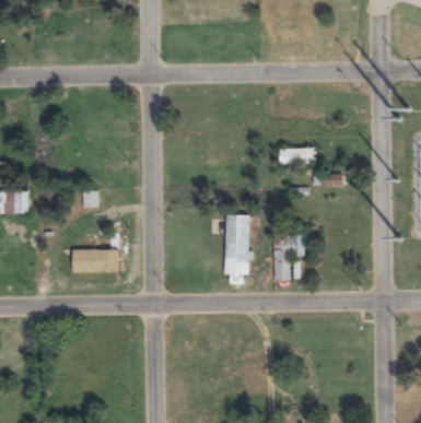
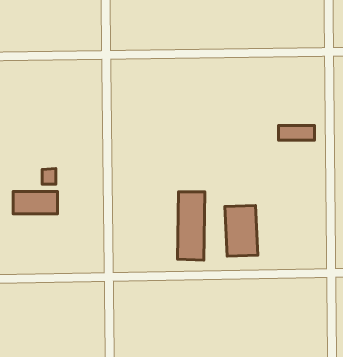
building: [277,149,314,164] -> [278,125,314,140]
building: [71,249,117,272] -> [13,192,58,214]

